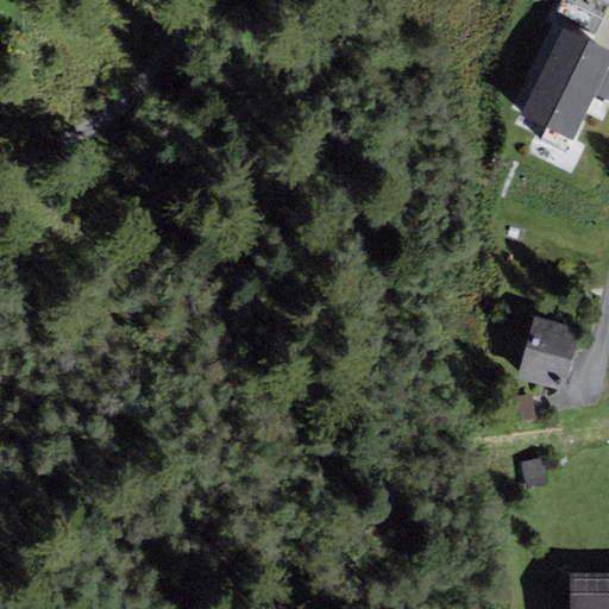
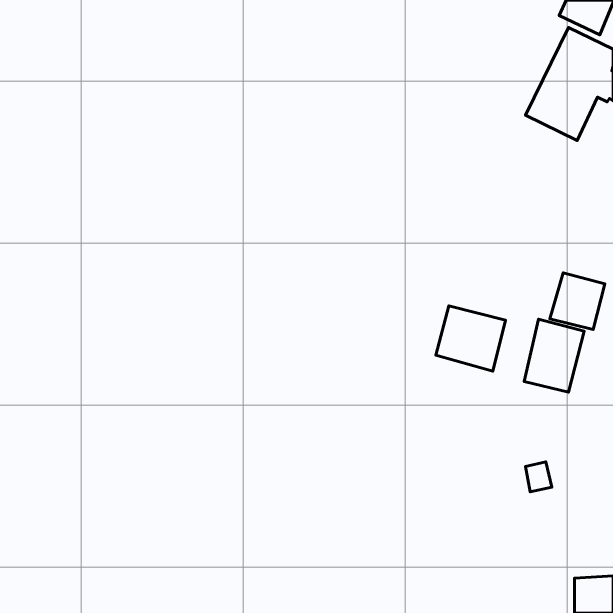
building: none -> [550,273,605,330]
building: none -> [436,306,505,371]

